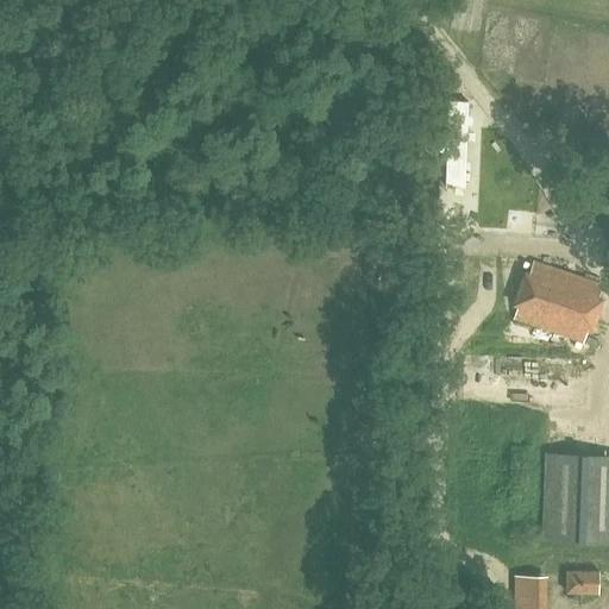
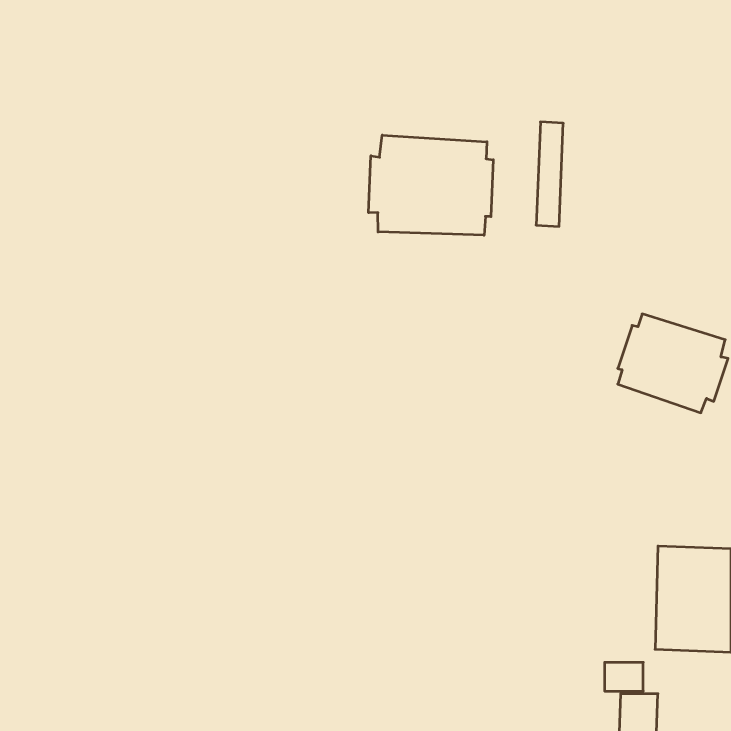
building: none -> [369,135,493,235]
building: [566,571,598,595] -> [605,662,643,691]

